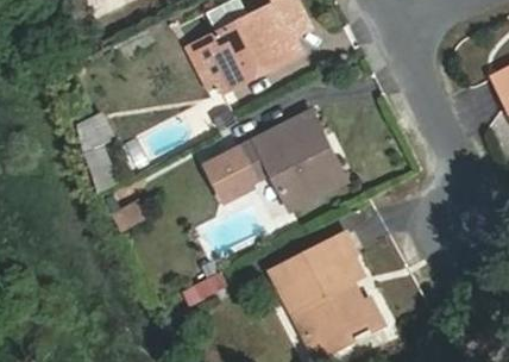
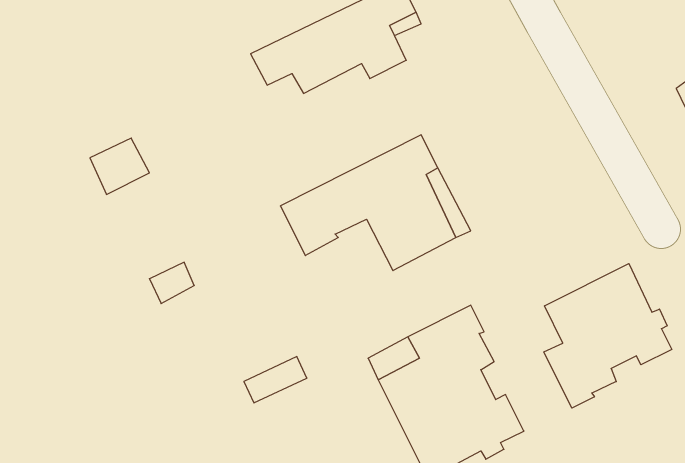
building: [199,58,272,99] -> none
building: none -> [544,264,672,408]

